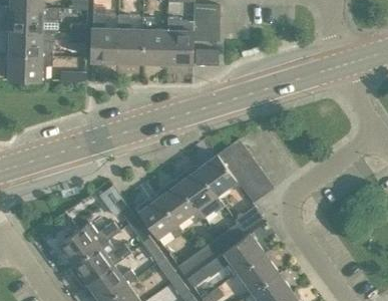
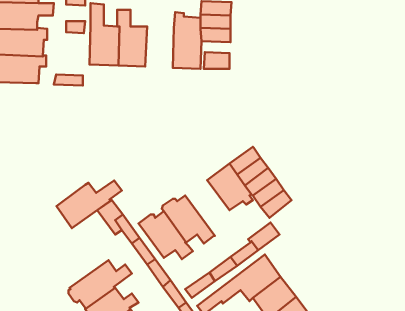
building: [141,17,167,66] -> none
building: [176,168,225,218] -> none
building: [59,222,118,265] -> [56,180,122,228]

